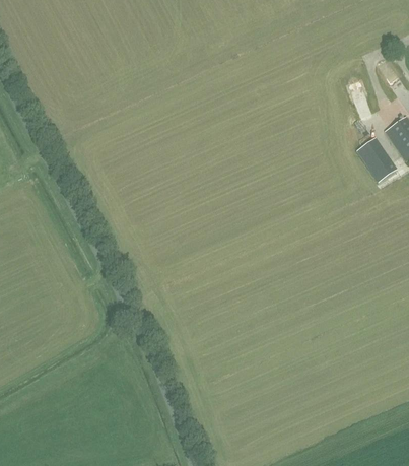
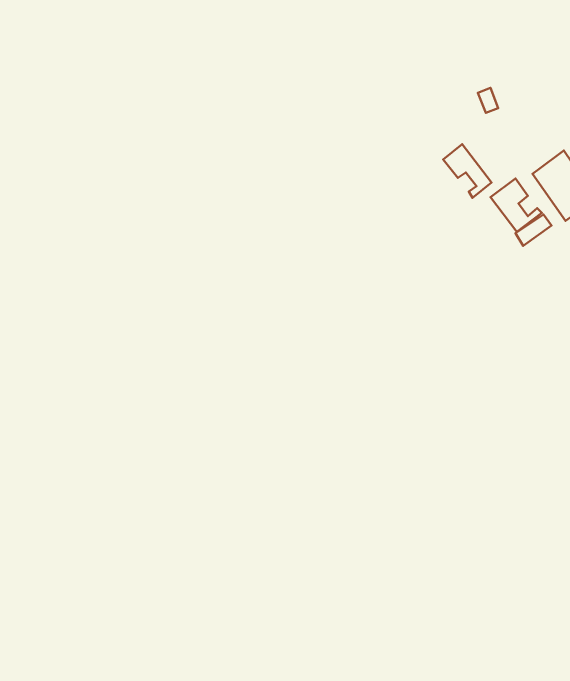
building: none -> [443,144,492,198]

